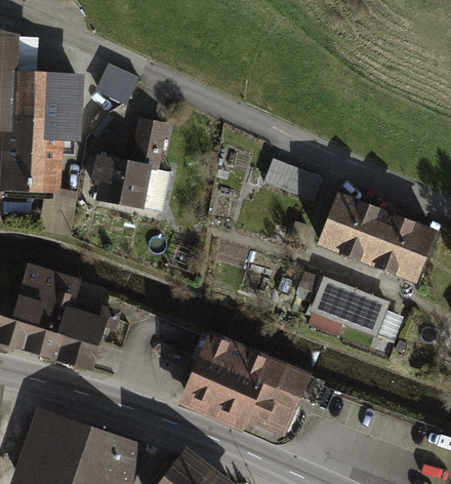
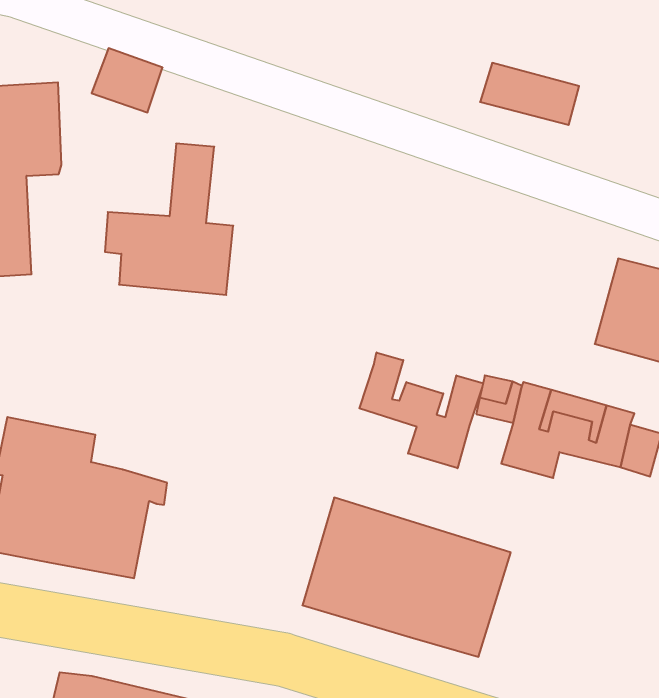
building: [264,159,322,199] -> [480,63,579,125]
building: [321,195,386,260] -> none
building: none -> [359,352,483,468]

